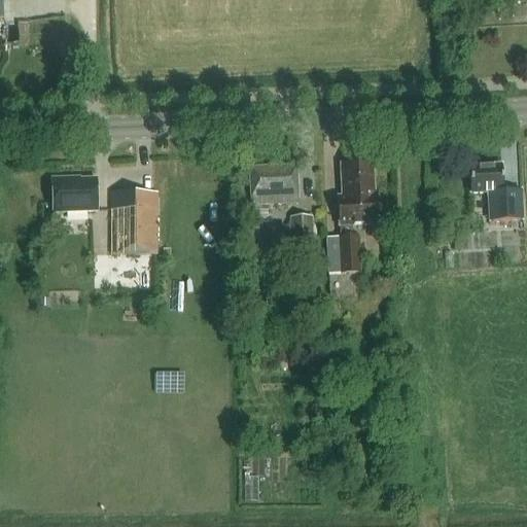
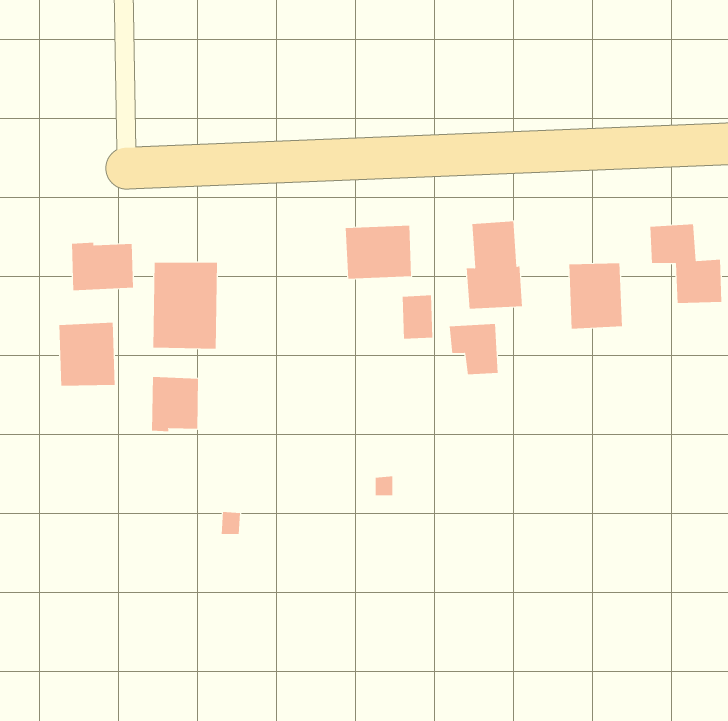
building: none -> [569,262,622,330]
building: none -> [59,322,115,386]
building: none -> [152,376,199,432]

